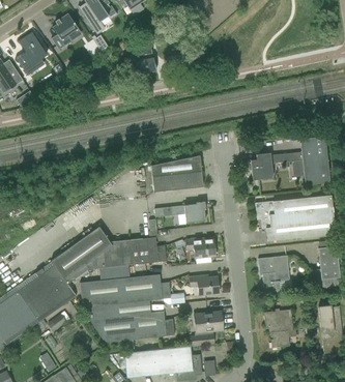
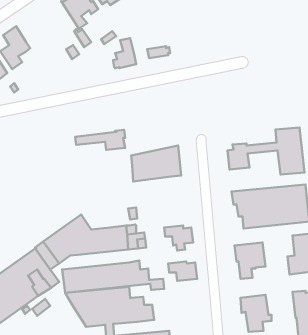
building: [52,13,78,50] -> none
building: [154,202,206,223] -> [75,130,125,150]
building: [192,312,223,346] -> none

